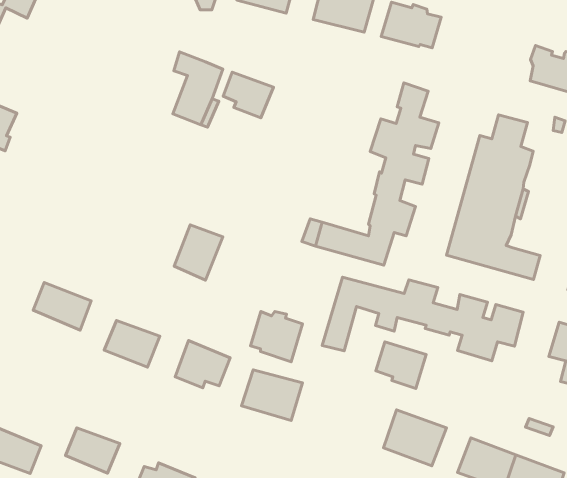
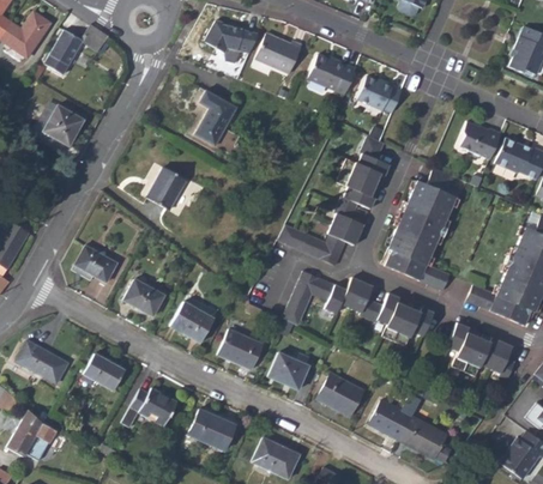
building: [223,72,274,118] -> none
building: [174,225,223,280] -> [147,168,186,210]
building: [251,311,302,362] -> none
building: [376,342,426,389] -> [270,352,308,389]

